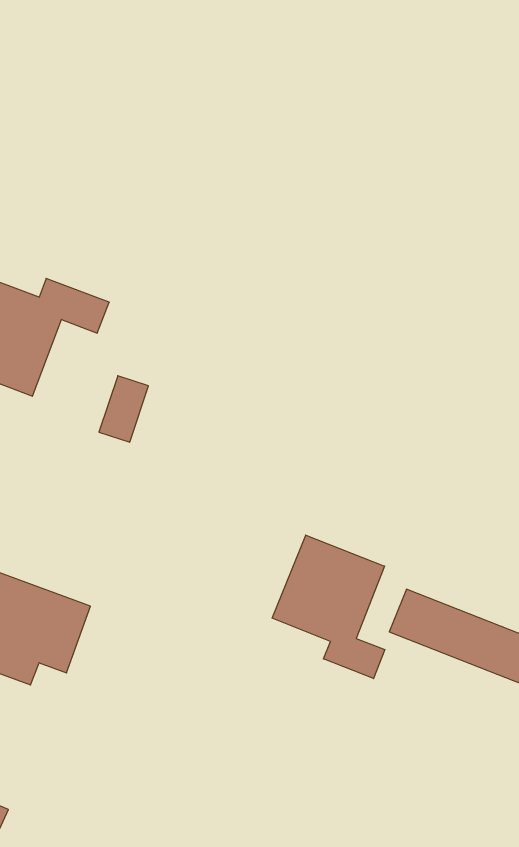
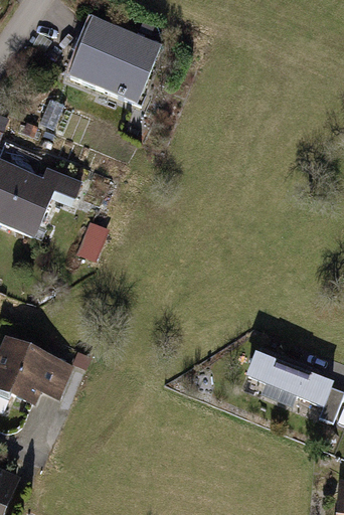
building: none -> [70,19,162,105]
building: [272,535,385,679] -> none

